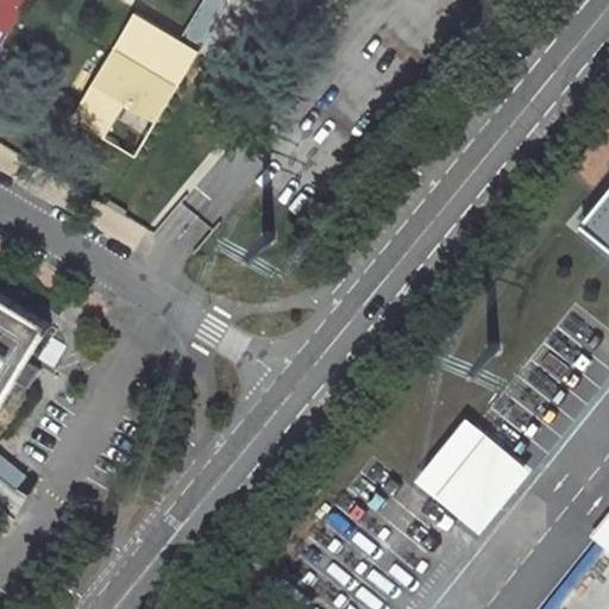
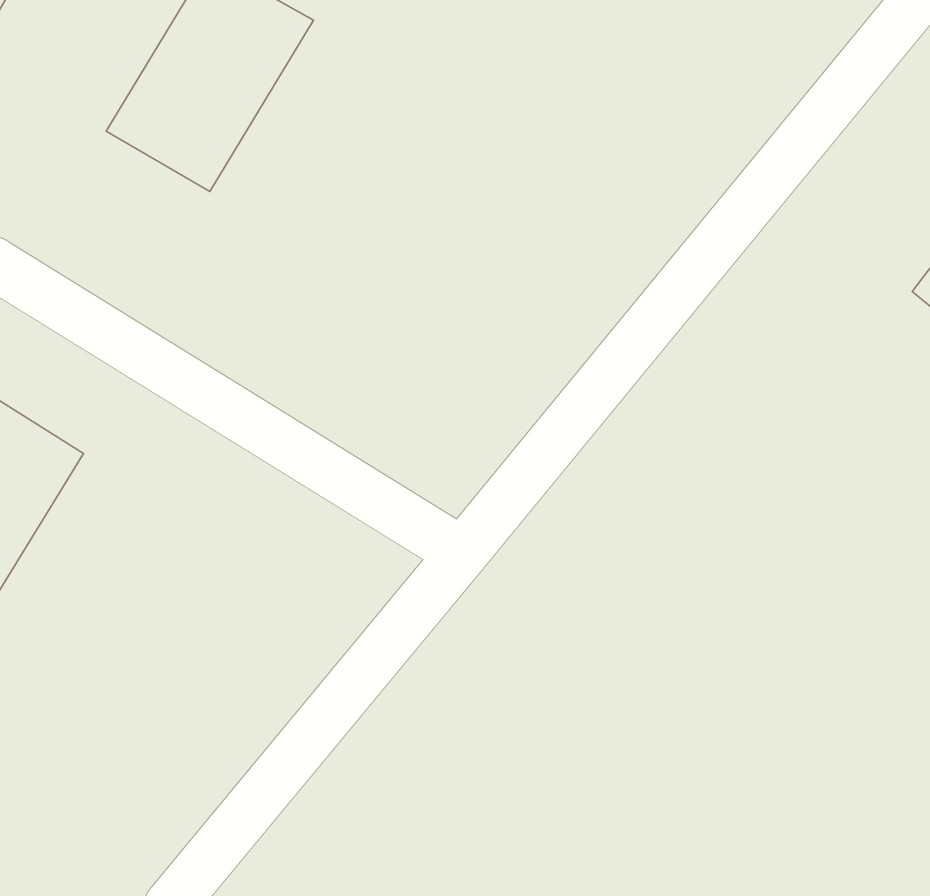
building: [409,412,530,532] -> none

